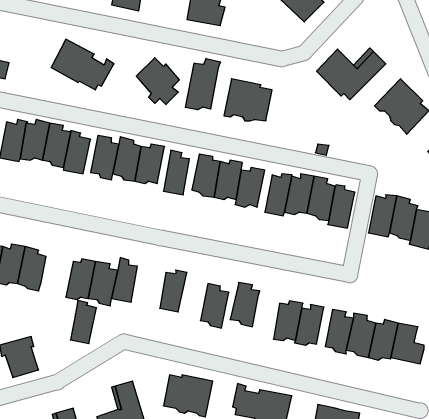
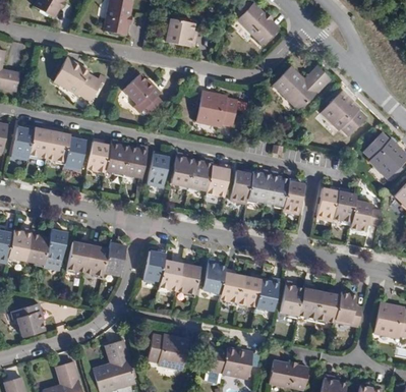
building: [185,58,221,110] -> none
building: none -> [158,258,183,291]
building: none -> [219,269,242,305]
building: [70,300,96,344] -> [46,226,67,262]

